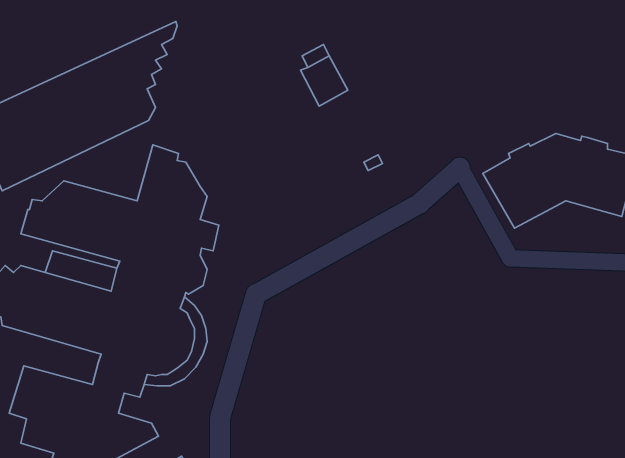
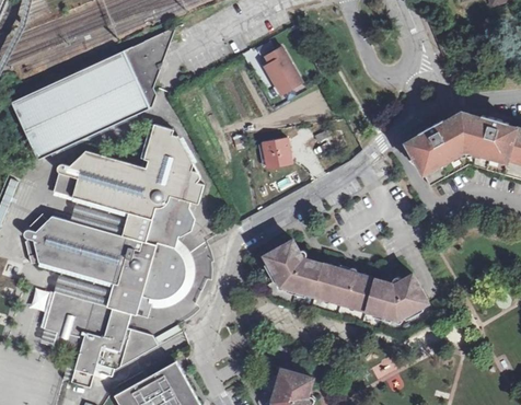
building: none -> [262,139,290,169]
building: none -> [263,240,427,320]
building: none -> [54,275,111,306]

